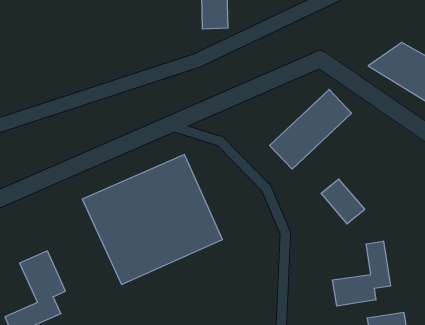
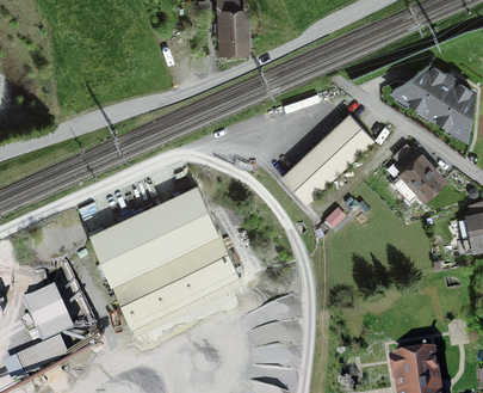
building: [321,179,365,224] -> [395,147,441,195]
building: [333,241,391,306] -> none

